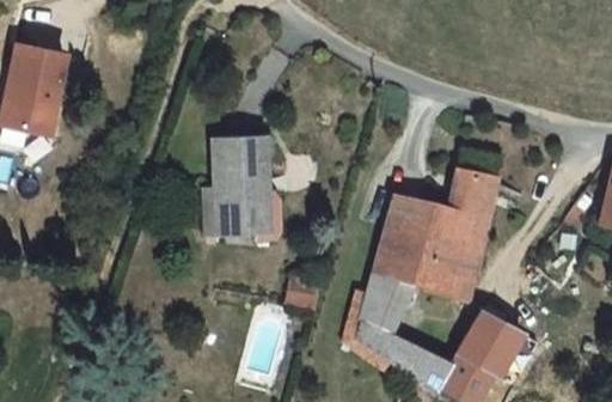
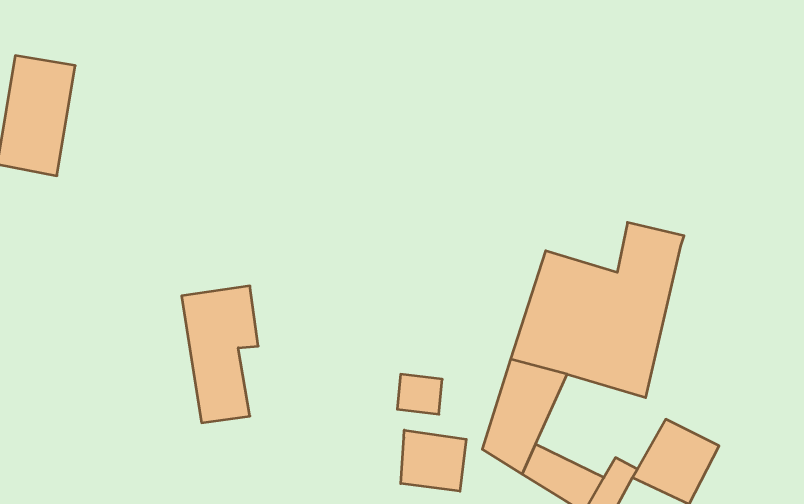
building: [213,134,268,232] -> [182,286,258,423]
building: none -> [401,430,466,491]

